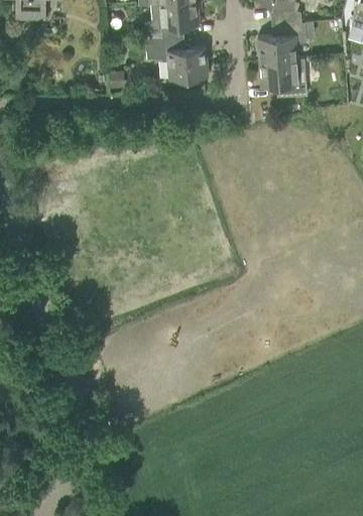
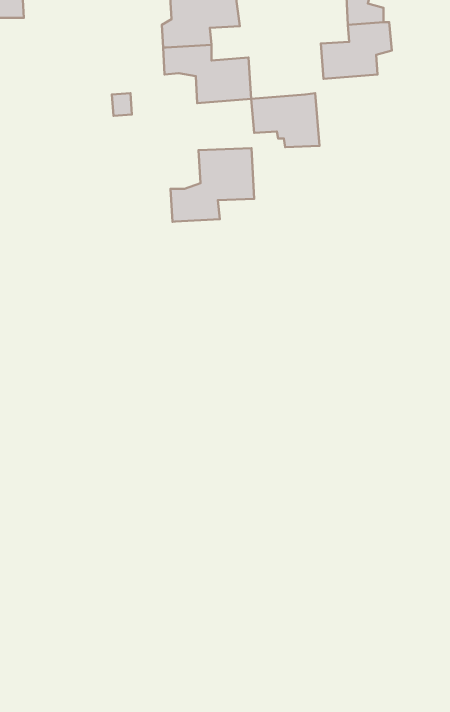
building: [259,58,308,97] -> [251,93,319,147]
building: none -> [170,148,254,222]

